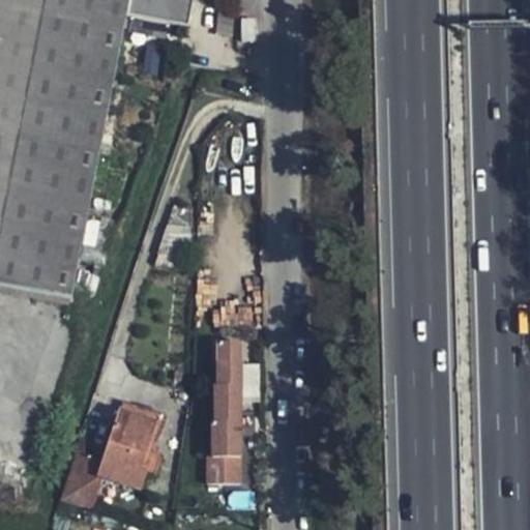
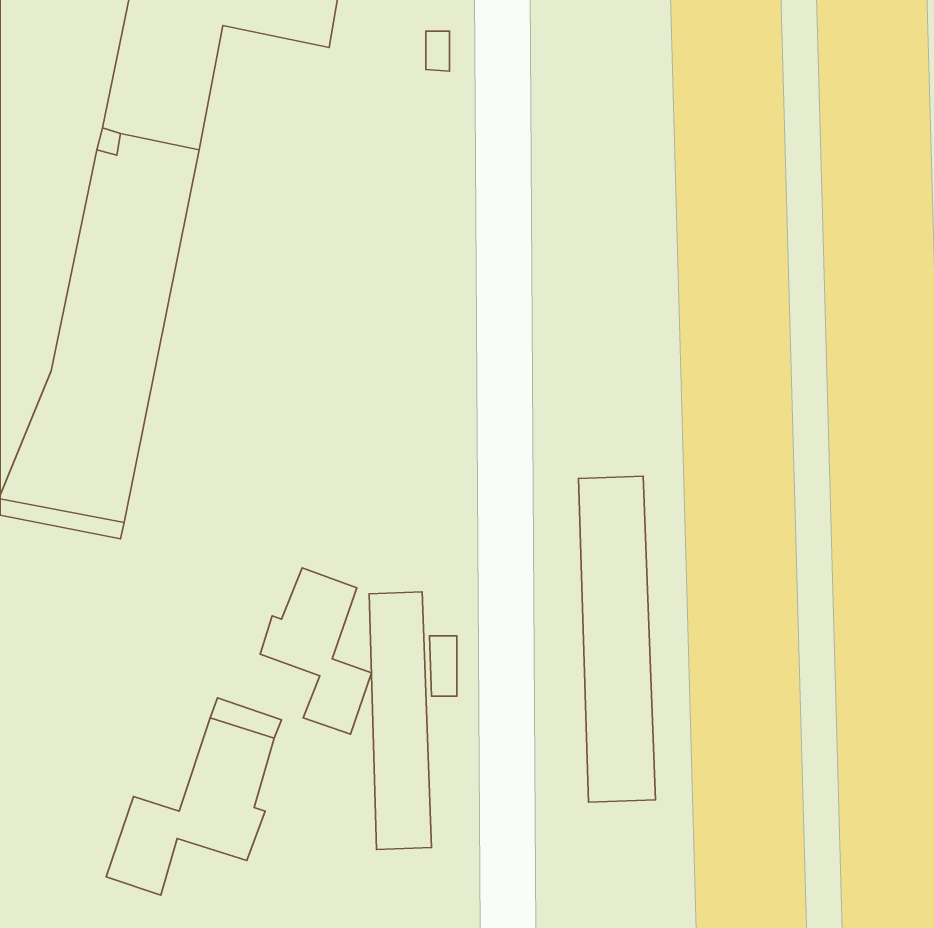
building: none -> [579,476,655,802]
building: none -> [260,568,371,734]

